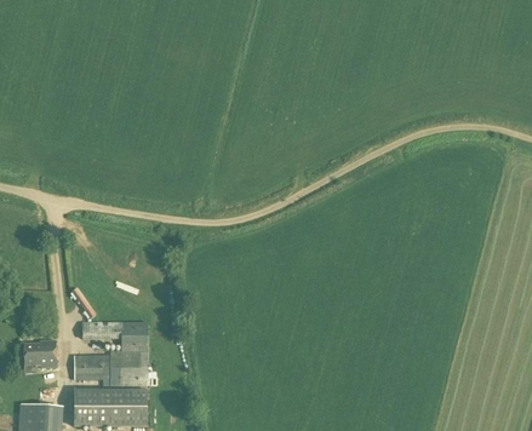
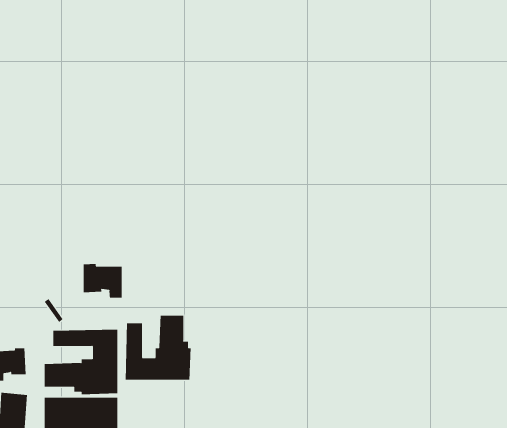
building: none -> [83,263,122,299]
building: none -> [125,315,191,380]

